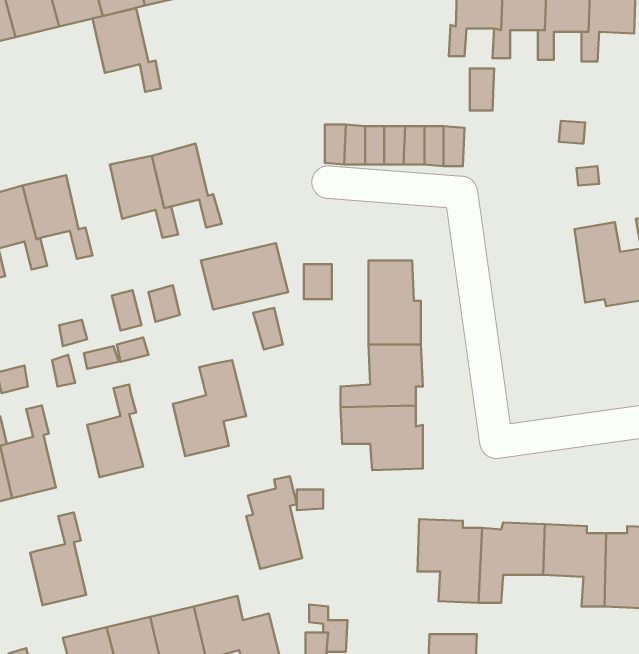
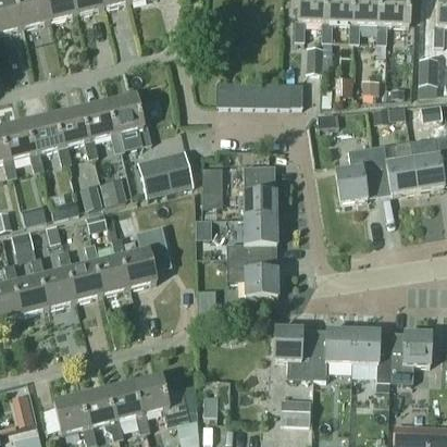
building: [93,8,161,92] -> [55,105,98,158]
building: none -> [336,146,378,201]
building: [246,476,302,569] -> [95,236,129,294]
building: [30,513,86,605] -> [41,249,76,307]

